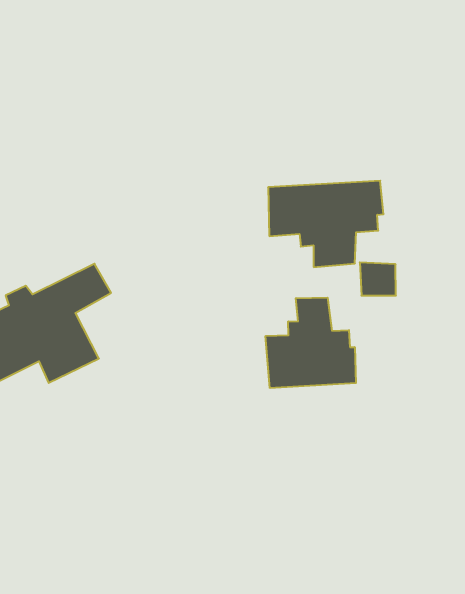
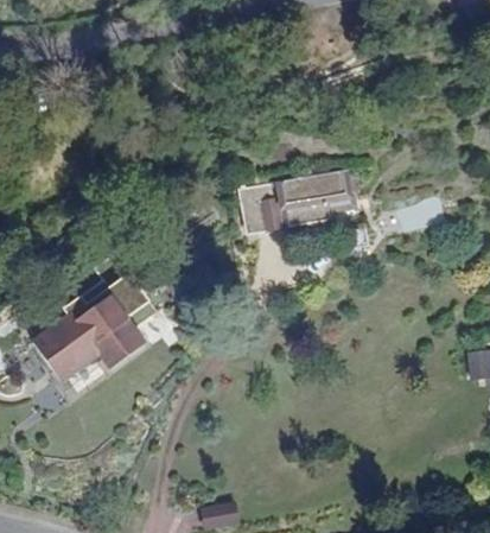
building: [266,298,356,388] -> none

